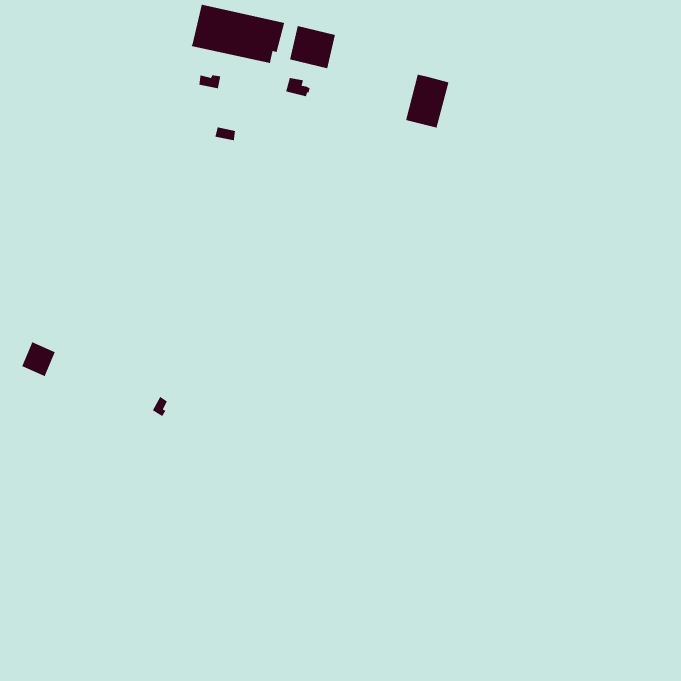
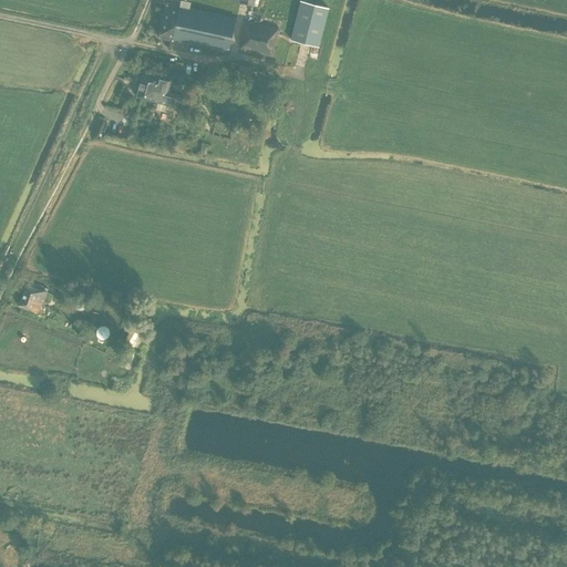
building: [405,74,449,128] -> [290,4,327,50]
building: none -> [136,74,179,112]

